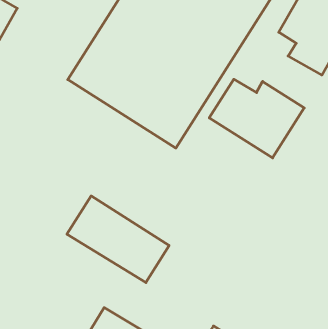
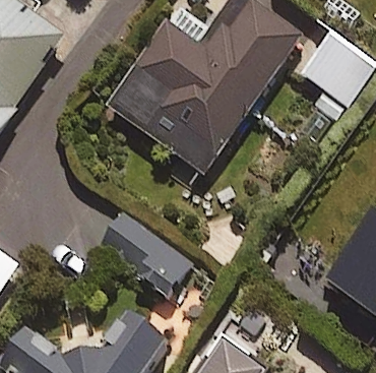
building: [209,79,304,158] -> none

